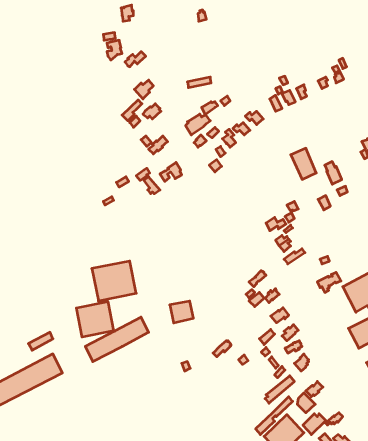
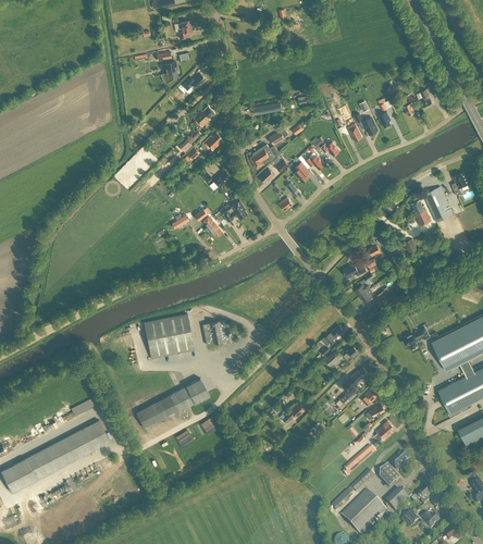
building: [291,148,316,179] -> [423,186,453,222]
building: [170,301,193,323] -> [202,320,230,345]
building: [76,302,114,337] -> none

